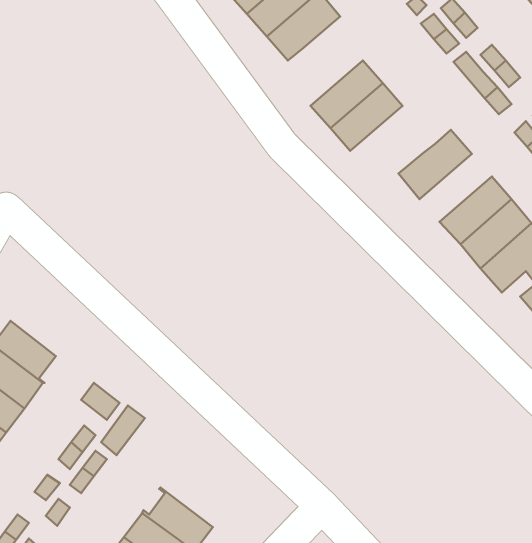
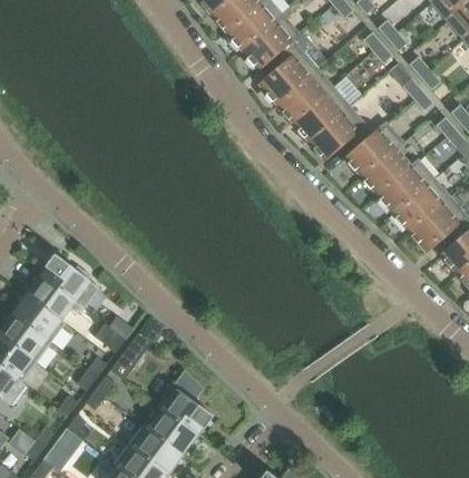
building: none -> [260,40,317,105]
building: none -> [307,105,374,160]
building: none -> [362,143,419,196]
building: none -> [40,254,100,309]
building: none -> [158,369,214,437]

